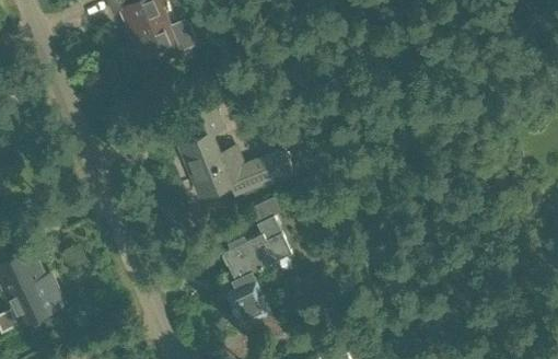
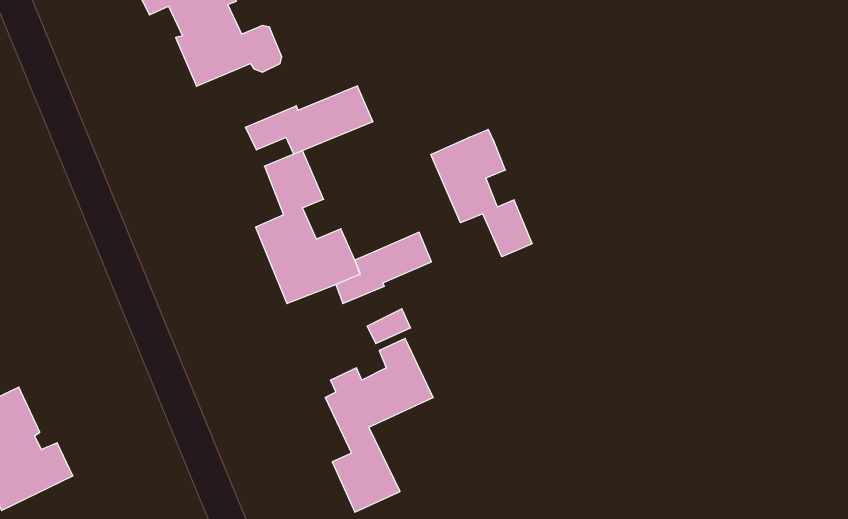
building: none -> [246,86,373,154]
building: none -> [431,129,532,257]

